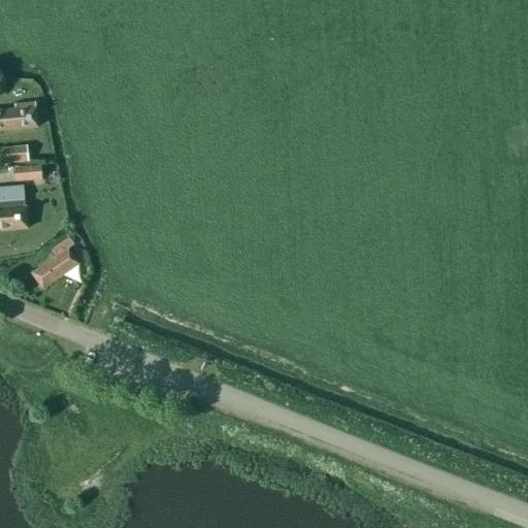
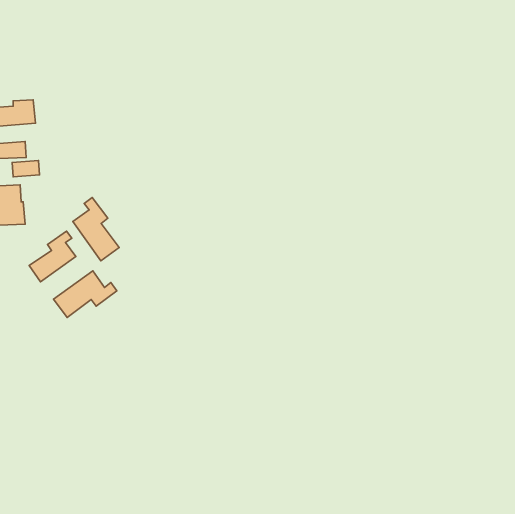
building: none -> [73,198,119,261]
building: none -> [54,271,117,317]

